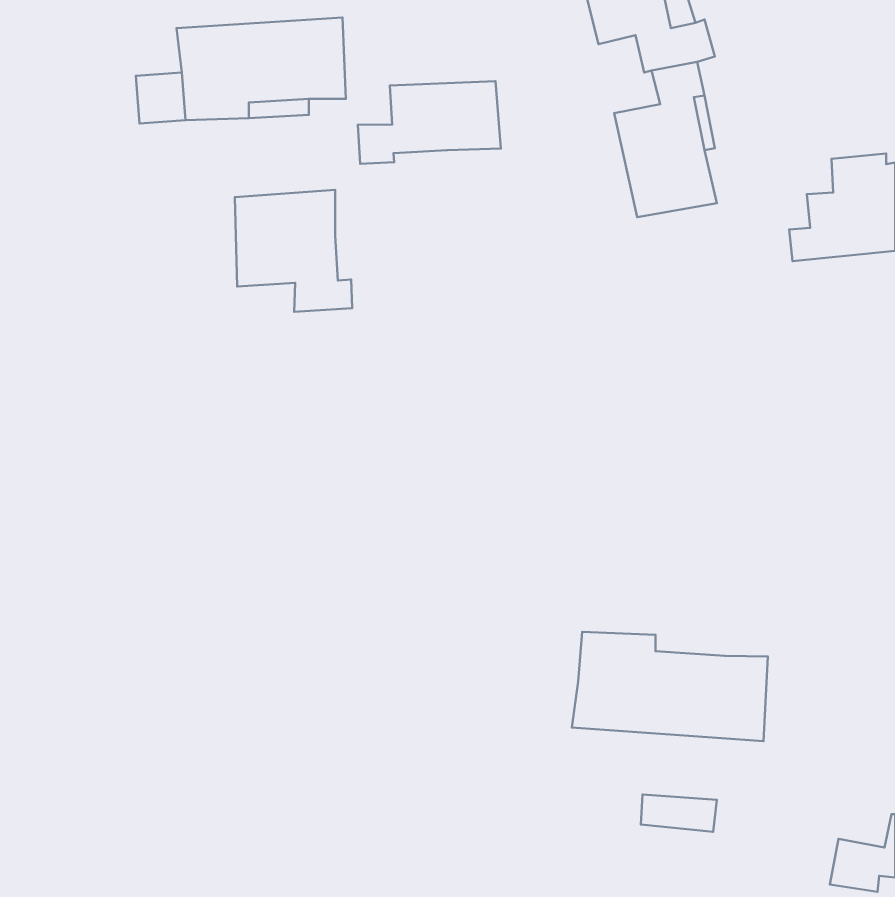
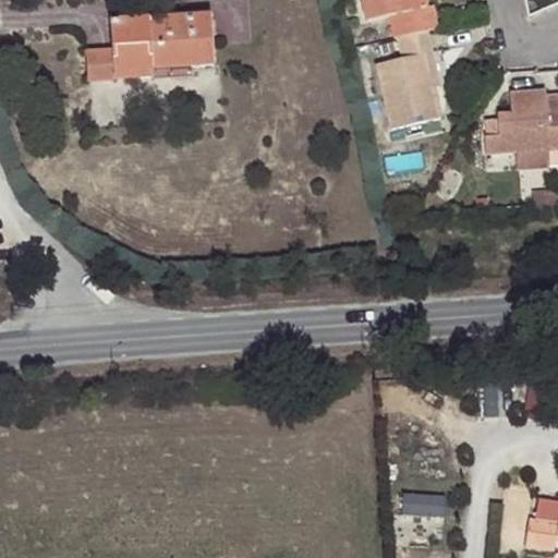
building: [358,81,501,164] -> none
building: [235,190,352,312] -> none
building: [572,632,768,741] -> none

